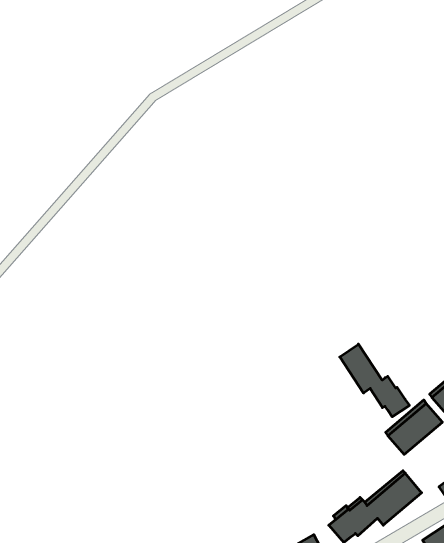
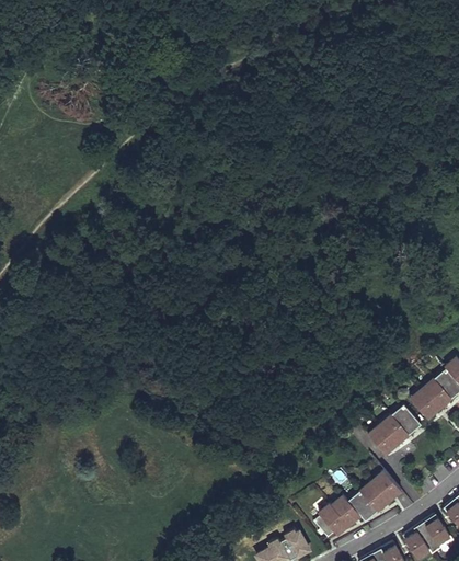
building: [340,344,409,417] -> none

